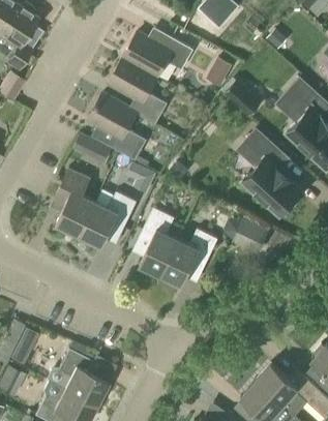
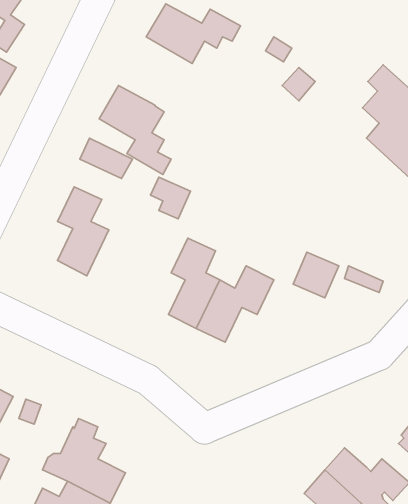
building: [108,58,161,124] -> none
building: [242,130,300,217] -> none
building: [78,192,137,246] -> none

